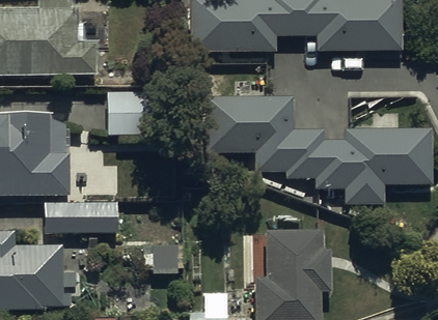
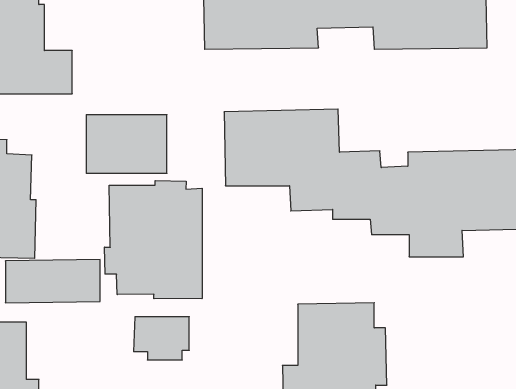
building: none -> [105,181,202,299]

